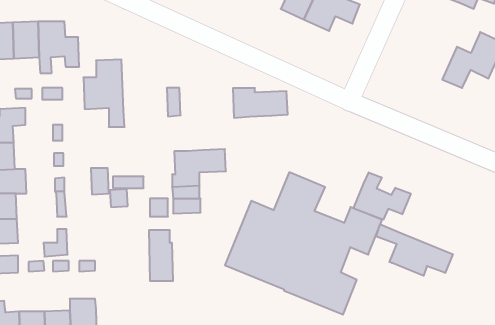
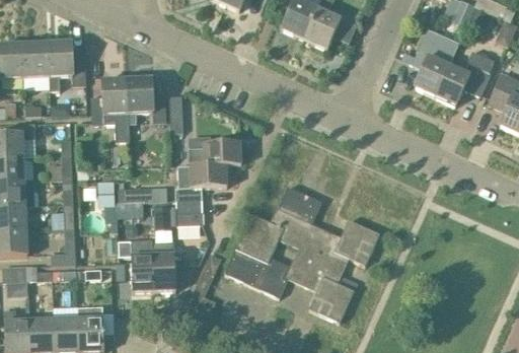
building: none -> [411,32,453,96]
building: none -> [127,76,166,126]
building: [233,88,288,118] -> [189,137,241,165]
building: [354,172,411,220] -> none
building: [376,224,453,276] -> none
building: none -> [119,241,154,291]

